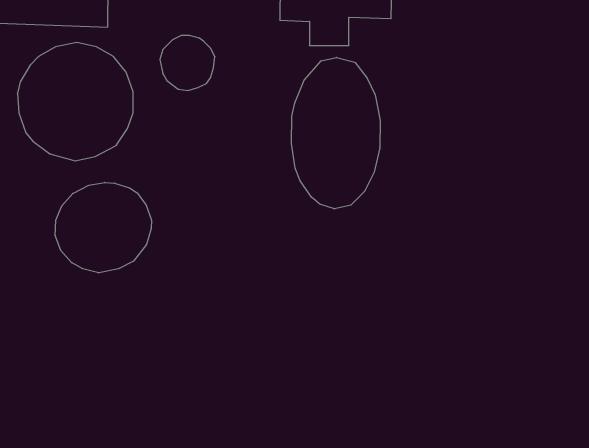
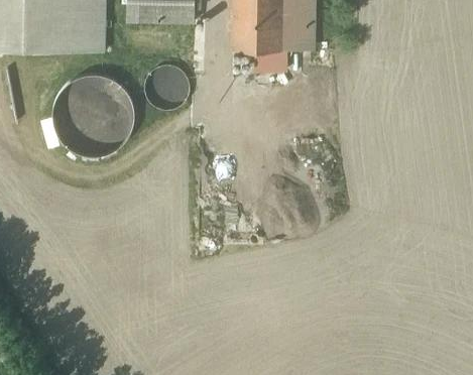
building: [291,57,380,209] -> none
building: [55,182,151,273] -> none

